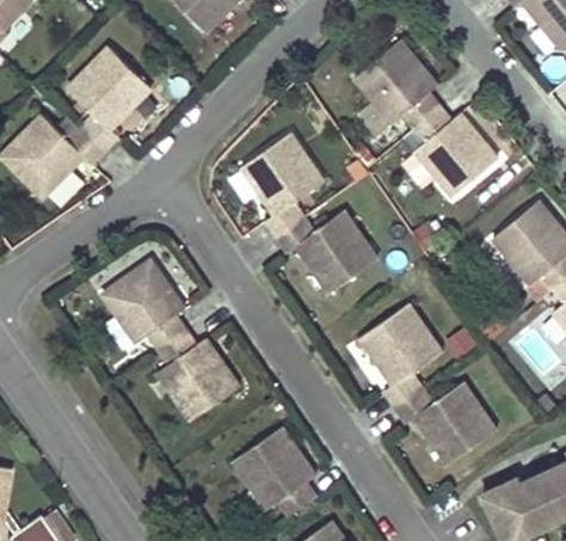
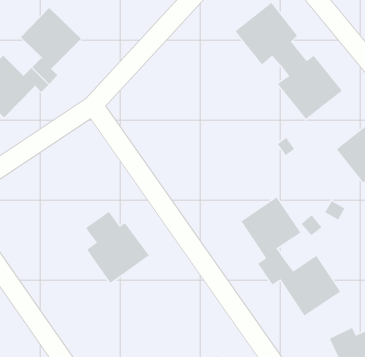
building: [242,130,379,293] -> none
building: [97,256,185,345] -> none
building: [227,426,315,515] -> none

